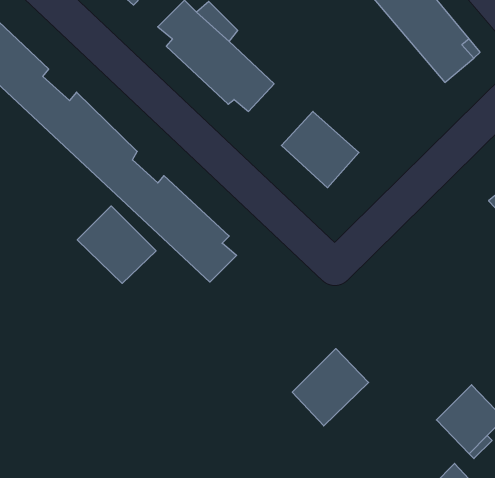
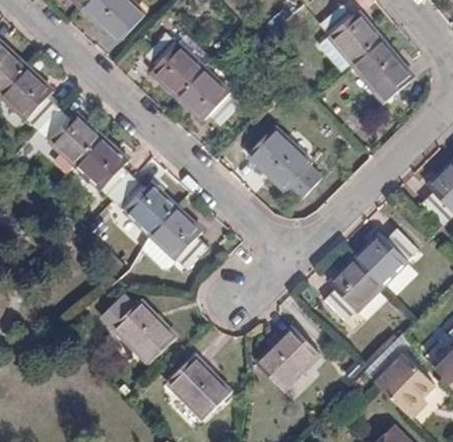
building: [77,206,156,283] -> [112,300,178,365]
building: none -> [324,228,417,321]
building: none -> [167,356,236,420]

